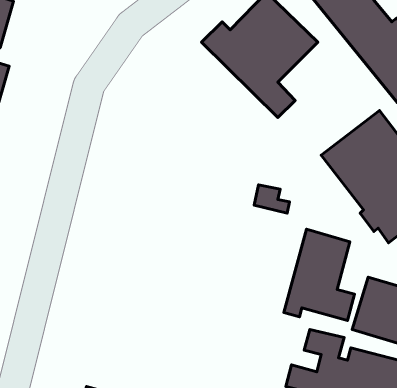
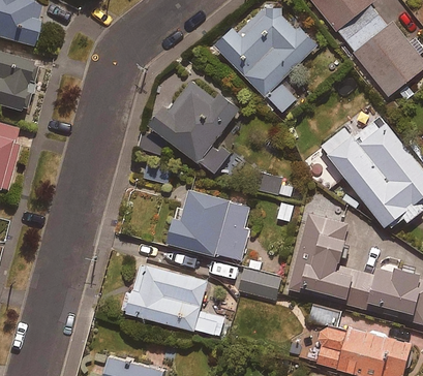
building: none -> [147,74,239,174]
building: none -> [165,190,249,262]
building: none -> [122,263,223,337]
building: none -> [238,269,280,302]

